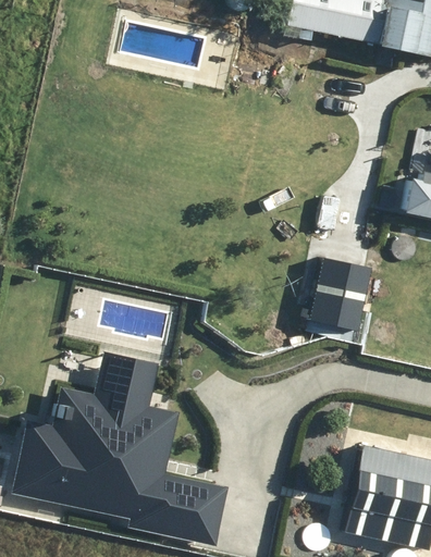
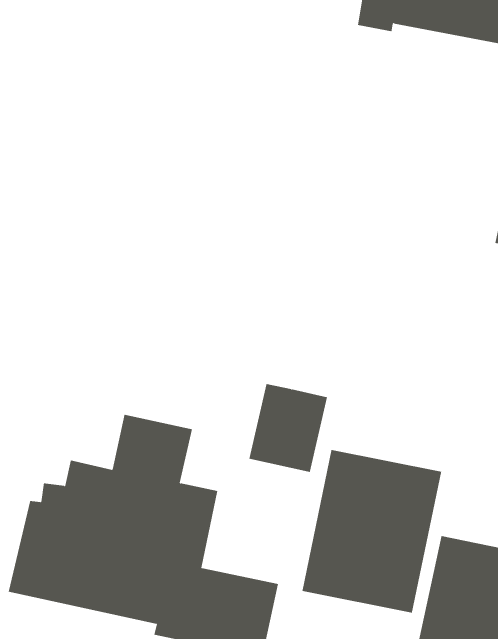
building: [309,259,373,331] -> [248,384,328,472]
building: none -> [302,449,442,613]

